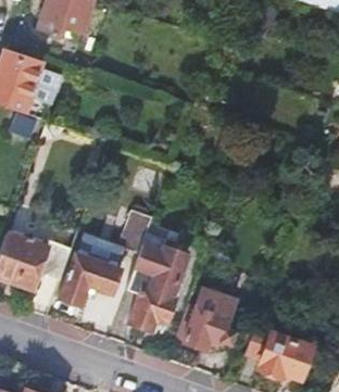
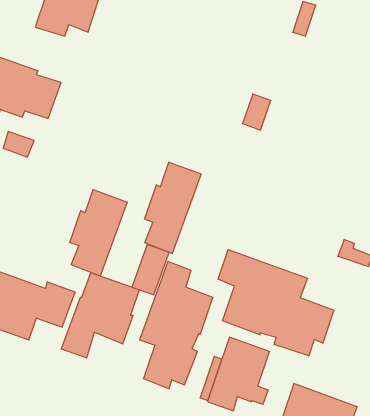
building: none -> [144,162,201,254]
building: none -> [70,190,127,276]
building: none -> [218,250,334,356]

